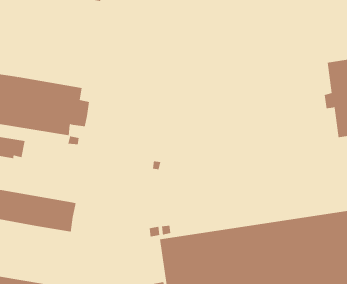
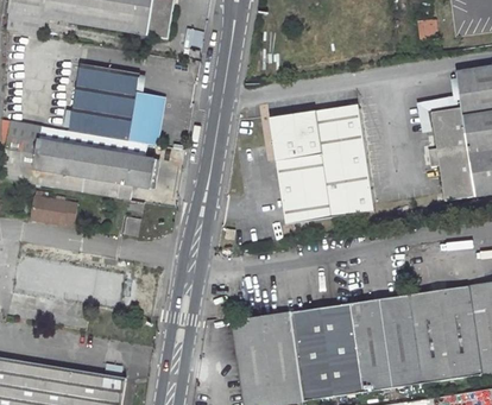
building: none -> [67,61,159,141]
building: none -> [270,103,373,222]

